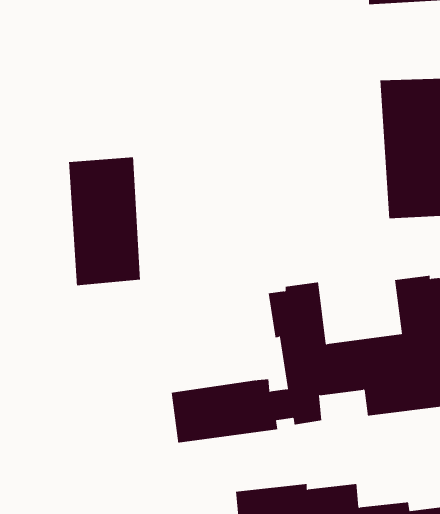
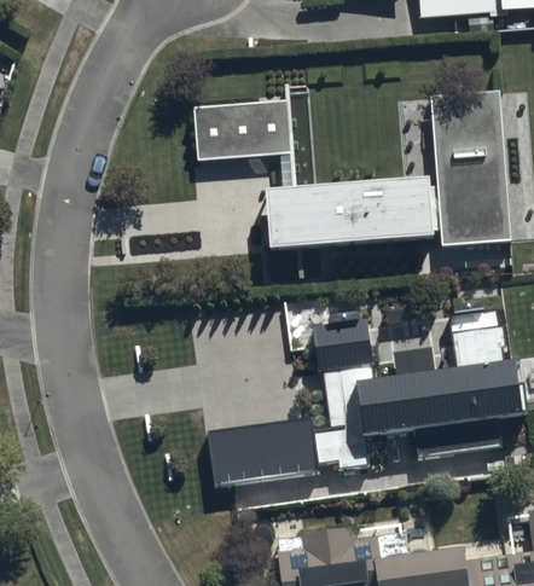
building: none -> [192,93,434,246]
building: [68,156,141,286] -> none

